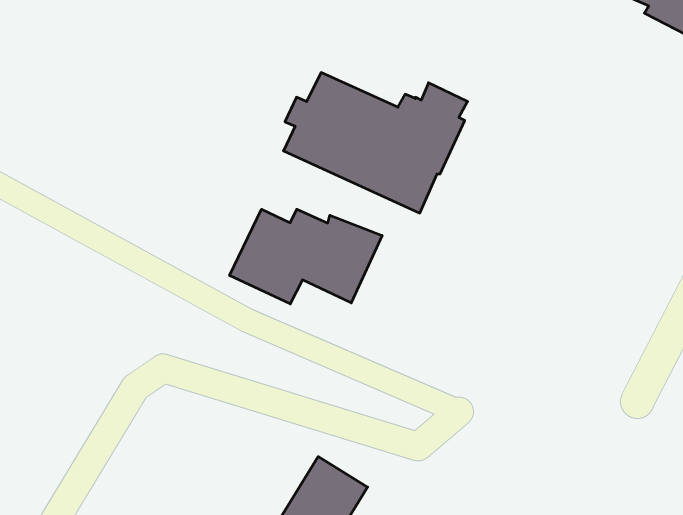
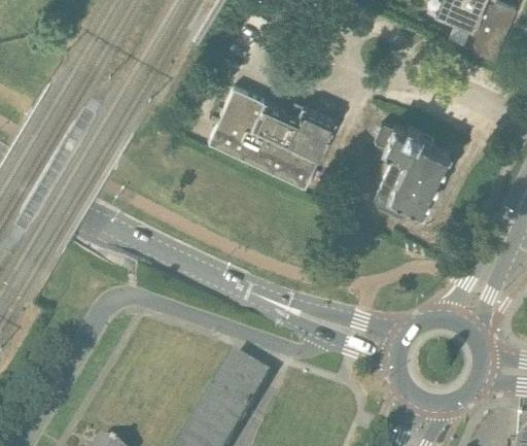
building: none -> [375,124,451,217]
building: [230,209,382,304] -> none

